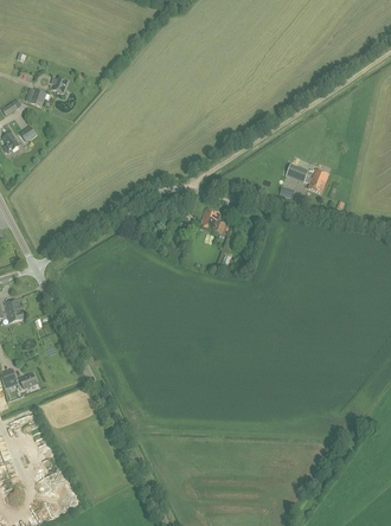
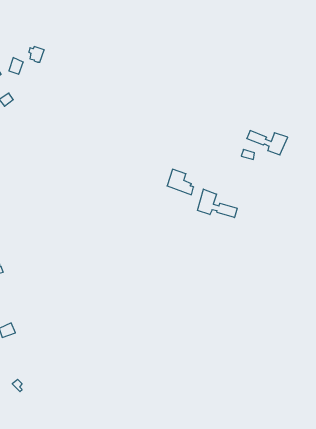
building: none -> [198,189,237,218]

